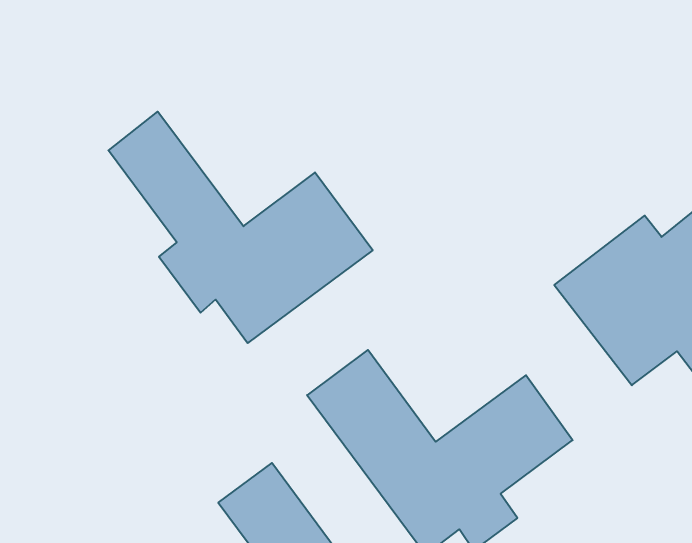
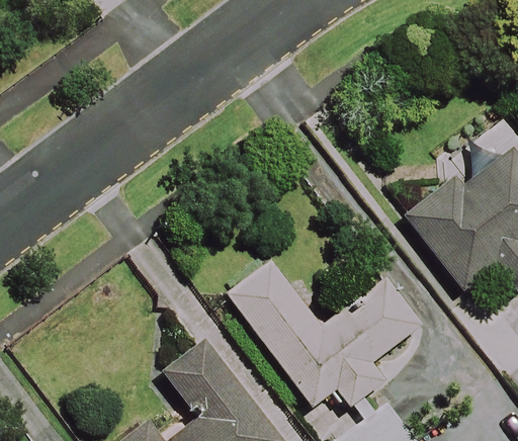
building: [108,112,373,343] -> none

